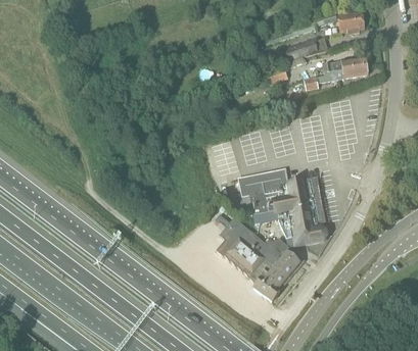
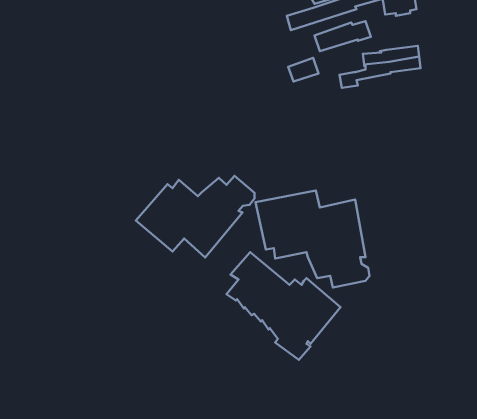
building: none -> [136,176,255,258]

